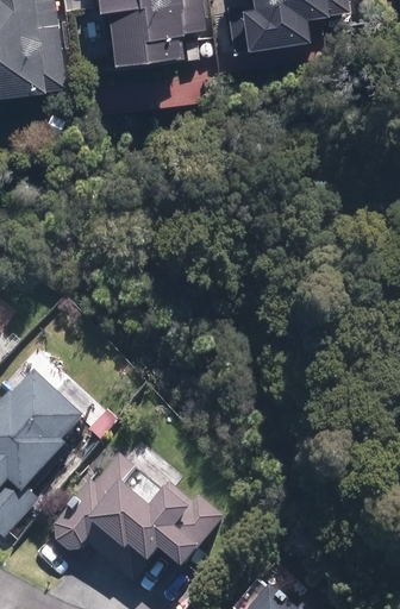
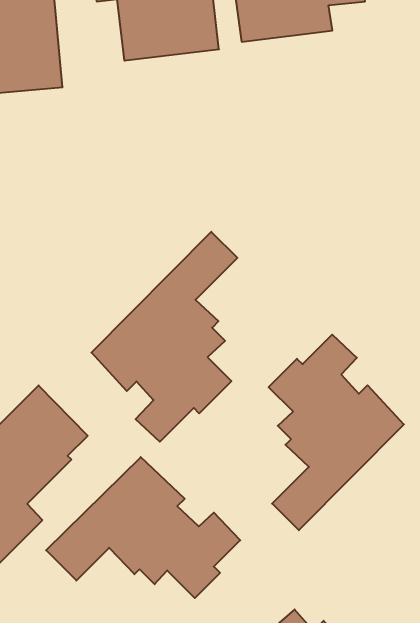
building: none -> [91,232,237,442]
building: none -> [269,335,404,530]

